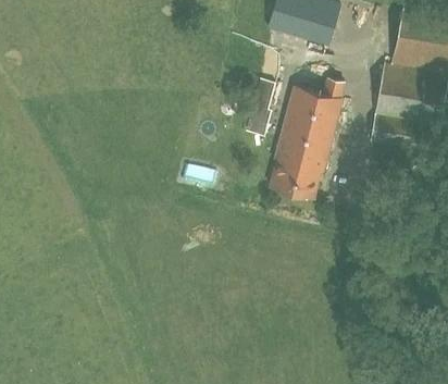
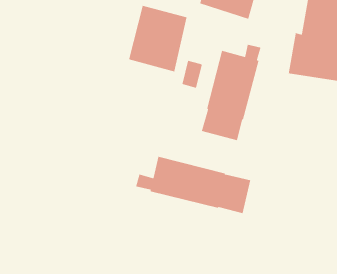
building: none -> [128,5,188,73]
building: none -> [135,156,251,214]

